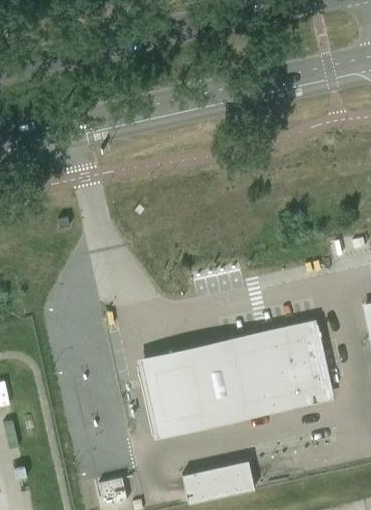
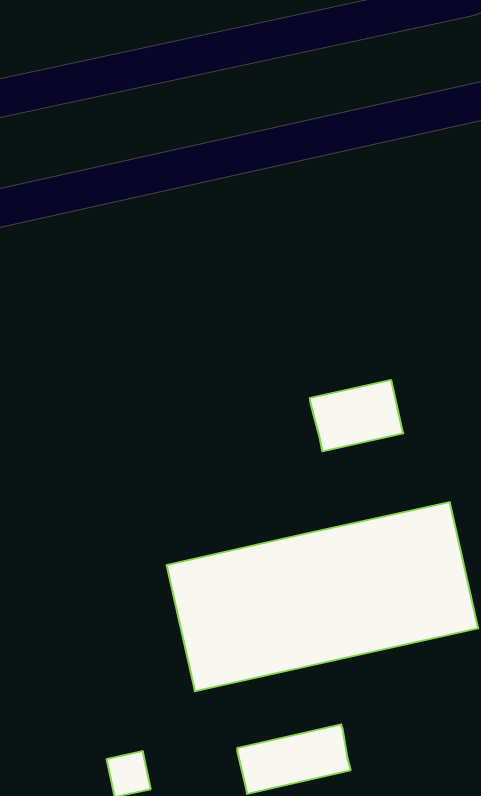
building: none -> [310,380,403,451]

